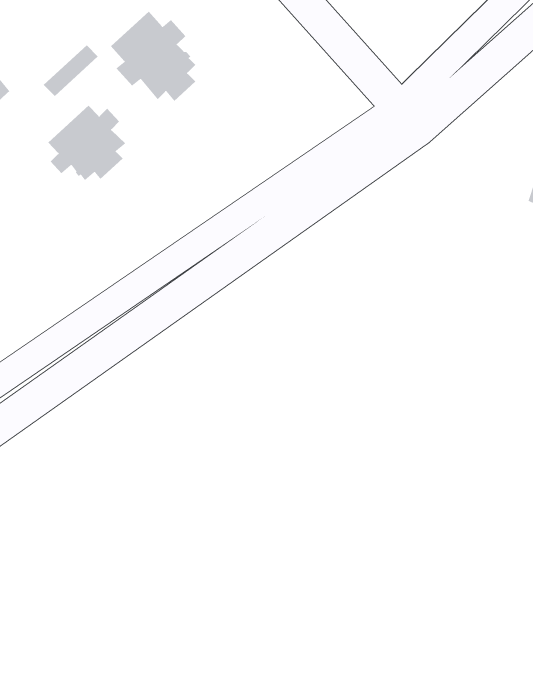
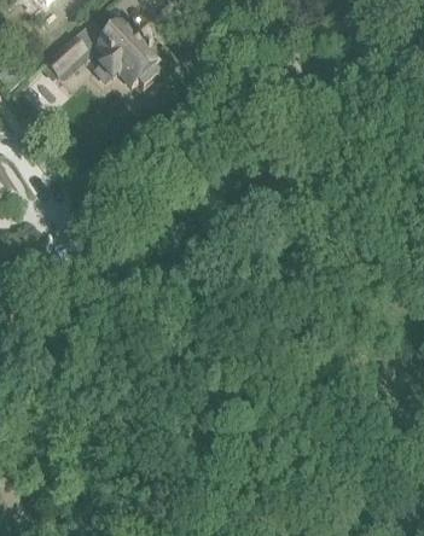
building: [47,105,126,181] -> none

